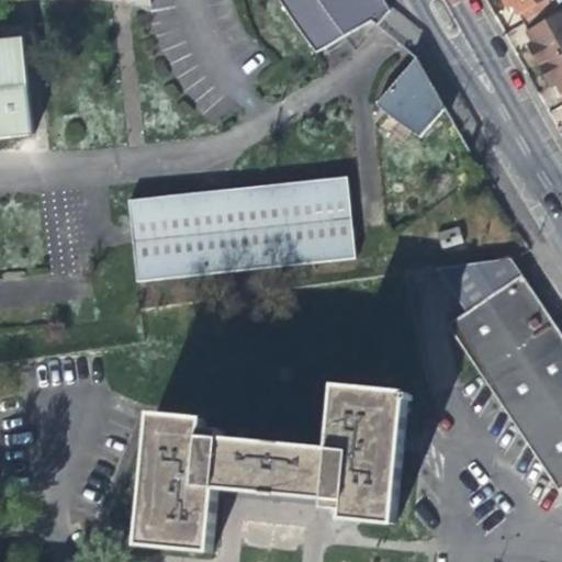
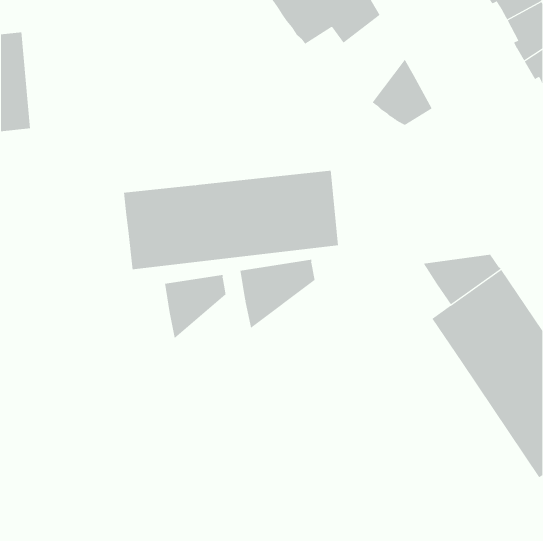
building: none -> [240,259,315,329]
building: none -> [164,274,226,339]
building: [139,383,408,550] -> none

